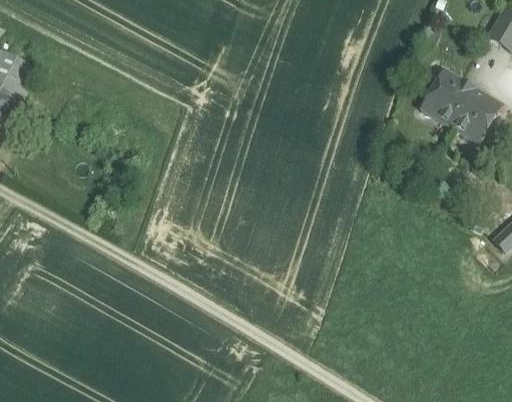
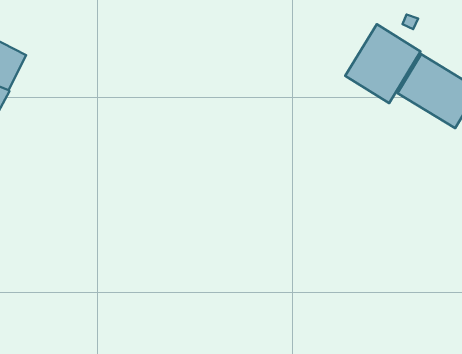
building: none -> [345,24,421,103]

